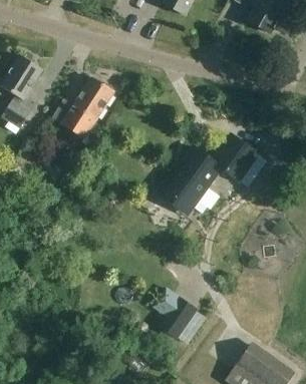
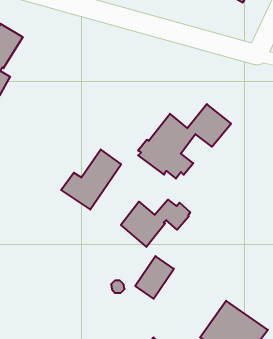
building: [50,76,112,138] -> [61,149,121,210]
building: none -> [121,200,190,247]

